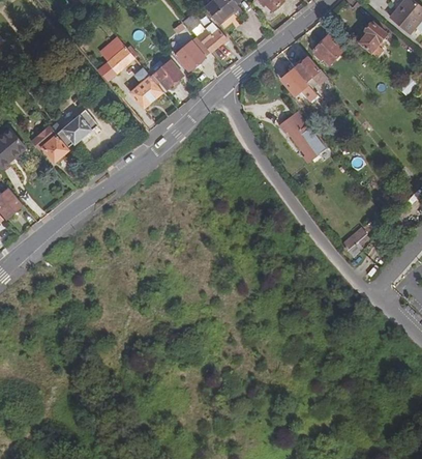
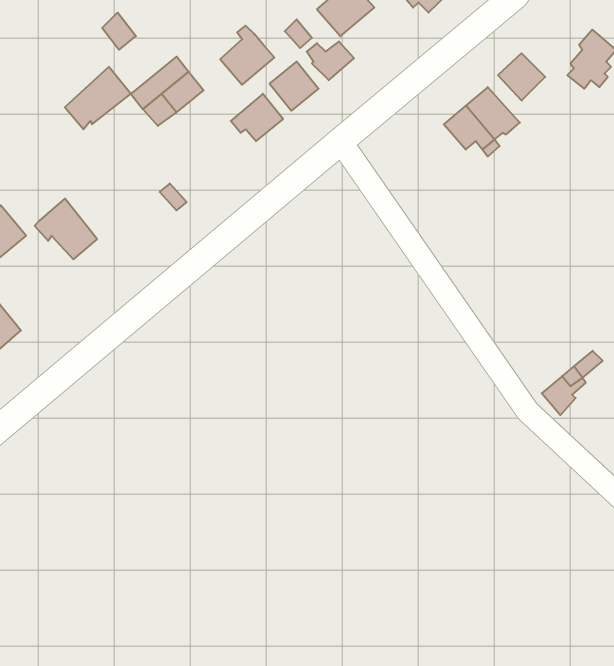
building: [130,71,163,108] -> [220,26,274,85]
building: [58,109,98,147] -> [65,67,131,129]
building: [280,112,325,162] -> none

